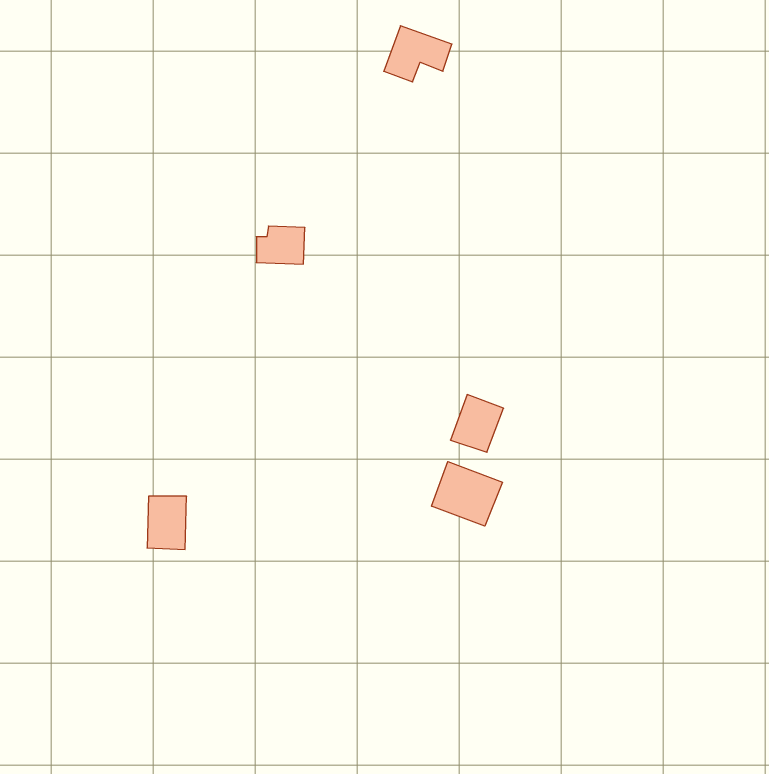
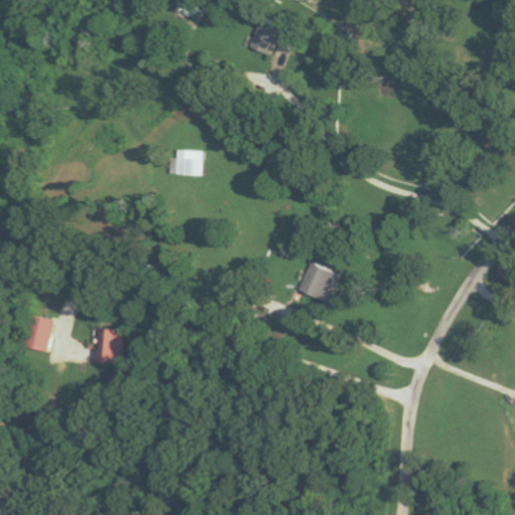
building: [432,462,503,526] -> none
building: none -> [22,316,52,351]

